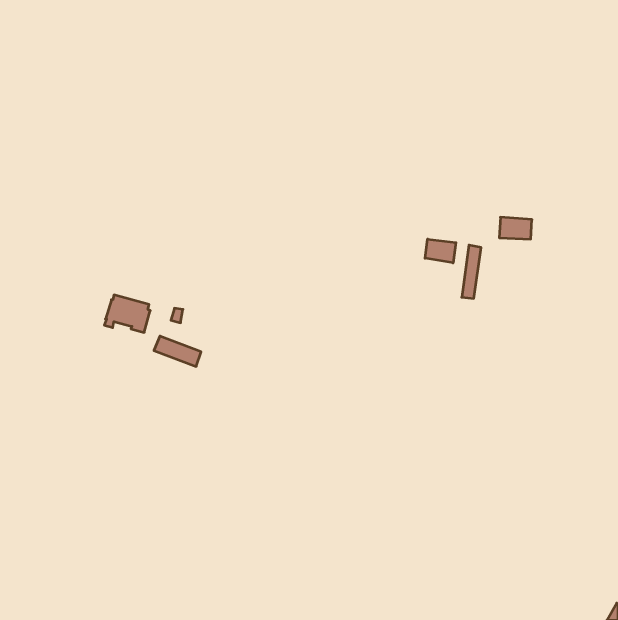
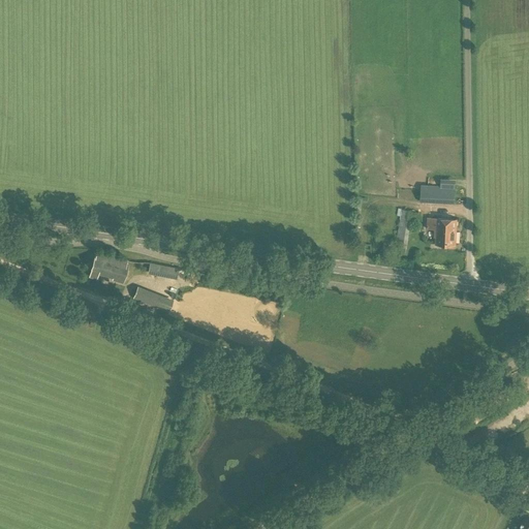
building: [425,239,456,263] -> none
building: none -> [427,218,456,245]

